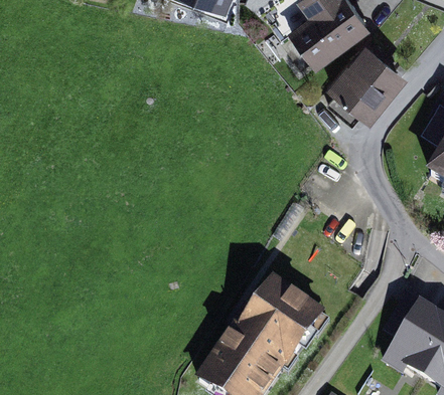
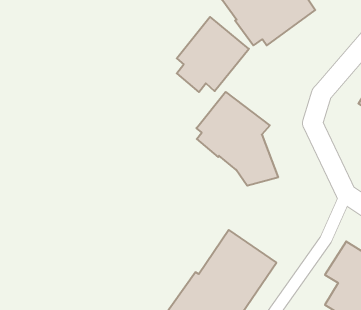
building: [327,40,410,126] -> [177,17,249,92]
building: none -> [196,92,278,186]

